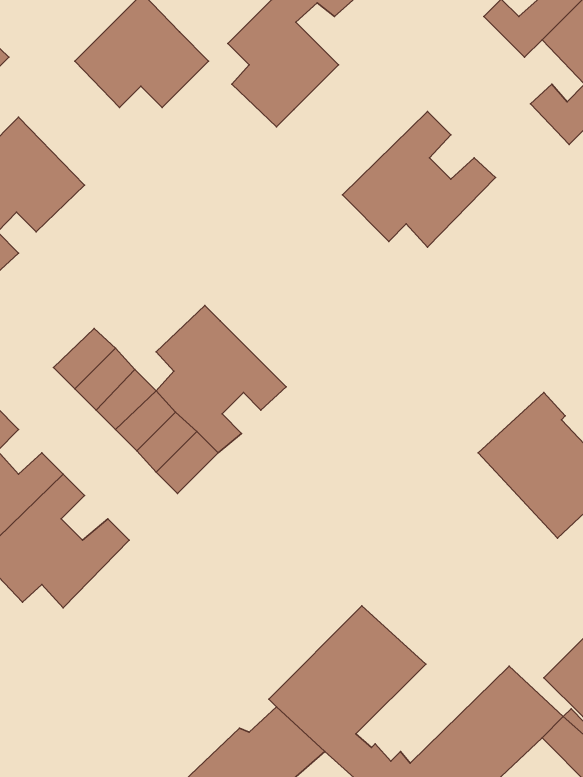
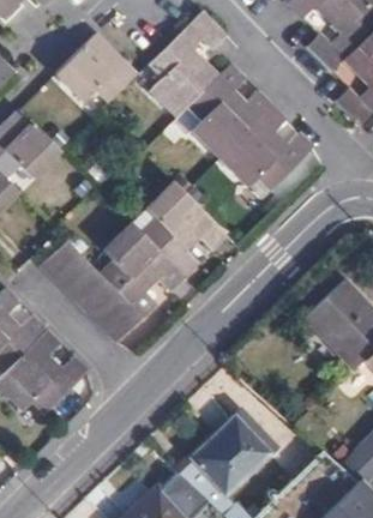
building: none -> [188,64,271,157]
building: none -> [143,185,225,276]

